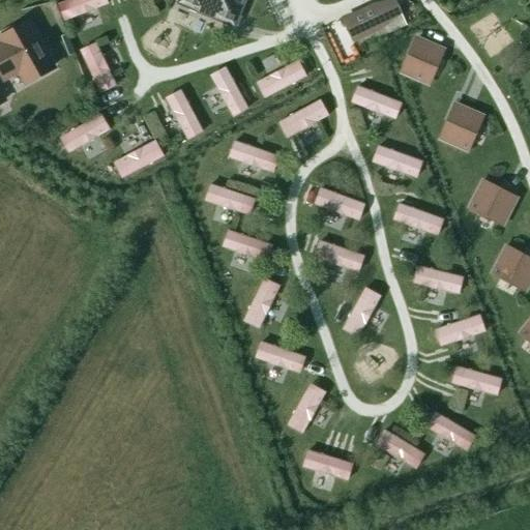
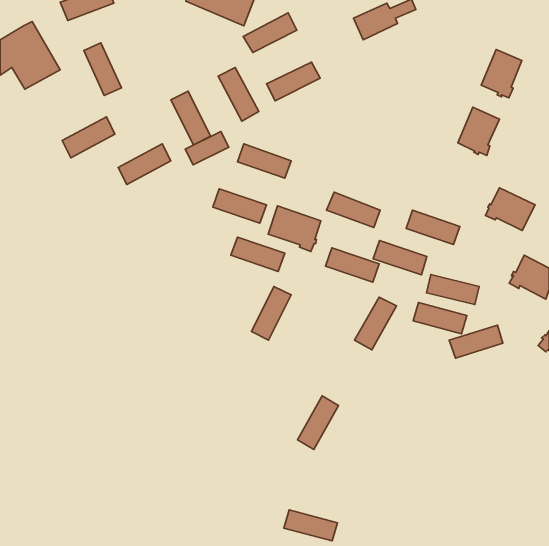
building: [403,37,442,84] -> [481,50,522,98]
building: [350,84,402,119] -> none
building: [278,98,330,137] -> [243,13,297,53]
building: none -> [185,131,229,165]
building: [370,145,421,178] -> [373,240,427,275]
building: none -> [268,206,321,251]
building: [255,341,306,374] -> none
building: [449,365,501,395] -> [413,303,467,334]
building: [426,411,477,450] -> none
building: [375,429,426,469] -> none
building: [302,449,354,479] -> [284,510,337,541]

